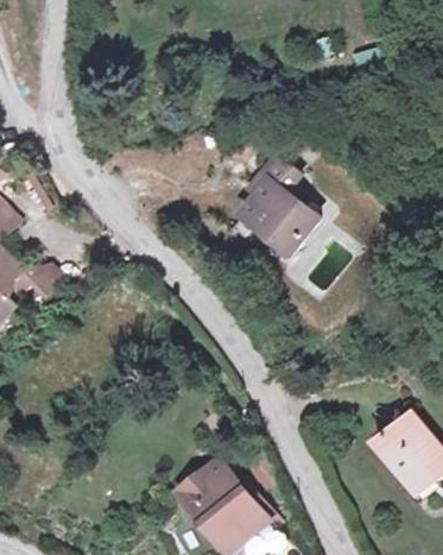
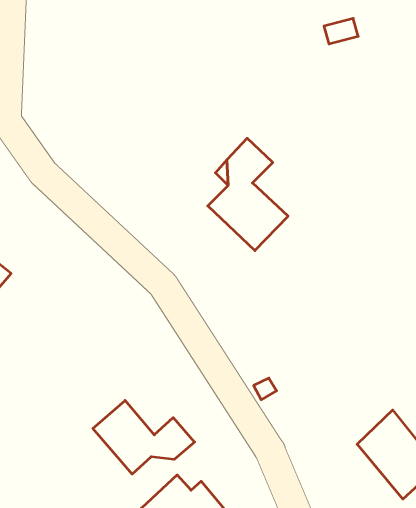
building: none -> [93,400,195,474]

